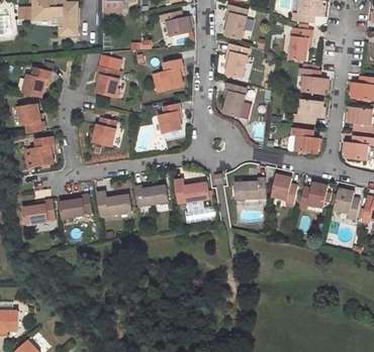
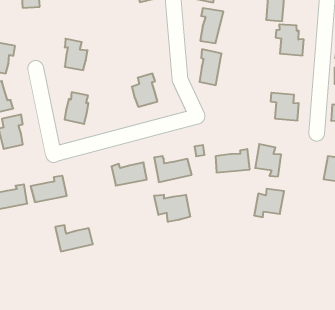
building: [161,58,183,90] -> none
building: [289,100,318,124] -> none
building: [297,184,326,210] -> [254,189,284,217]
building: [96,192,130,216] -> [55,225,93,251]
building: none -> [154,195,190,222]

